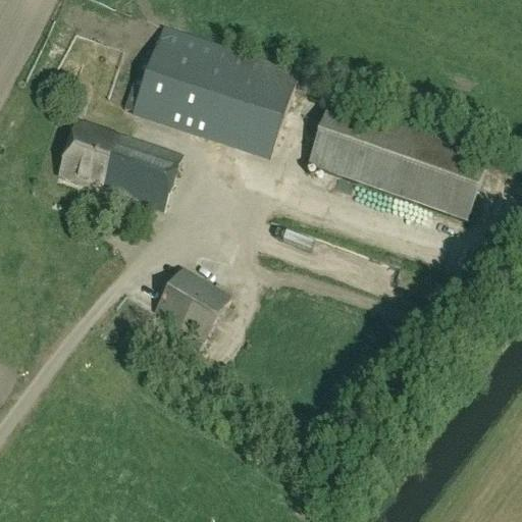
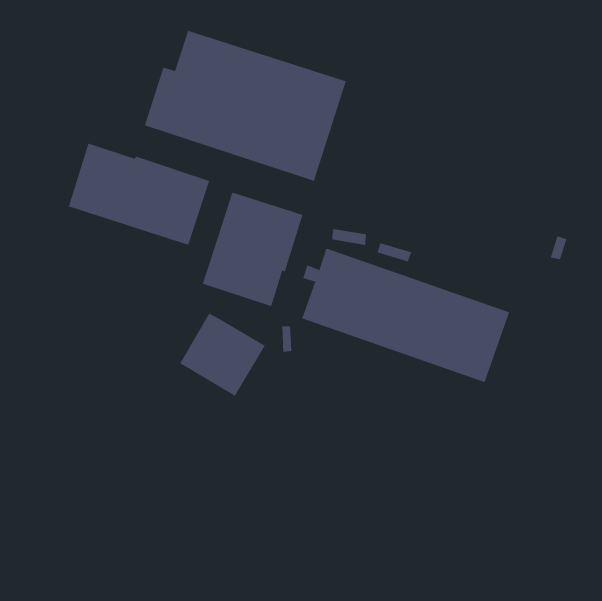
building: [306,104,485,220] -> [301,248,510,383]
building: none -> [202,192,303,307]

